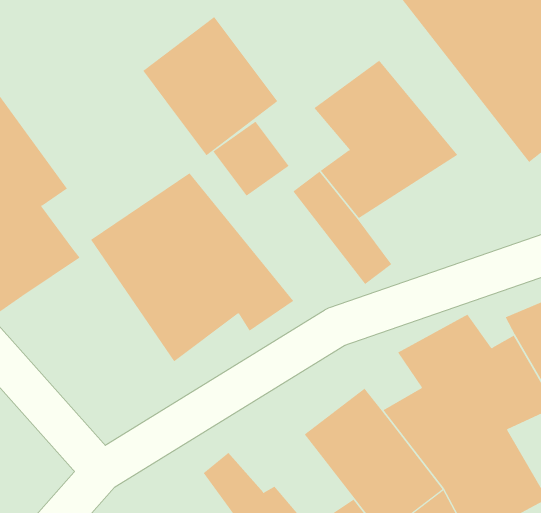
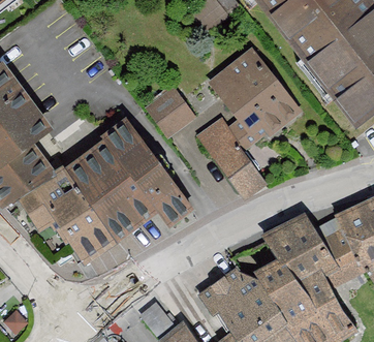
building: [143,16,278,156] -> none
building: none -> [22,165,119,266]

